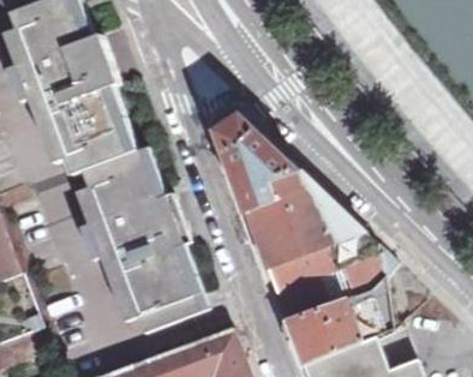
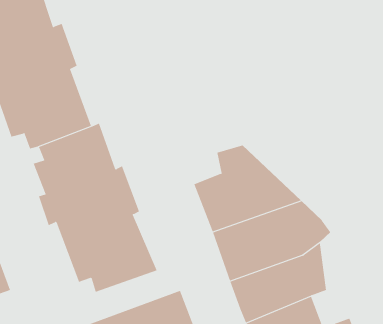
building: [216,115,300,214] -> none

